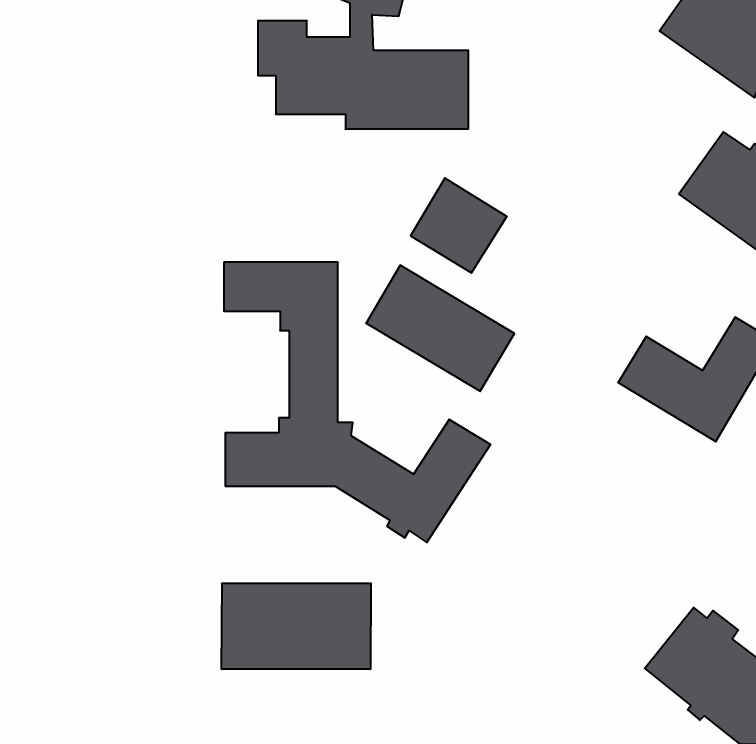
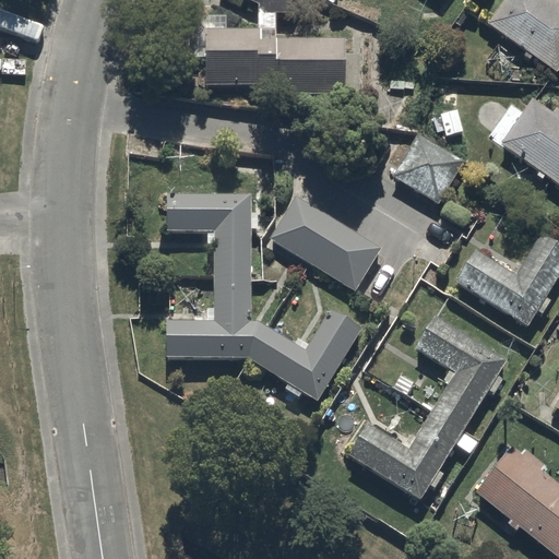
building: [411,178,507,273] -> [394,132,465,202]
building: none -> [349,317,506,499]
building: [222,583,371,669] -> none

